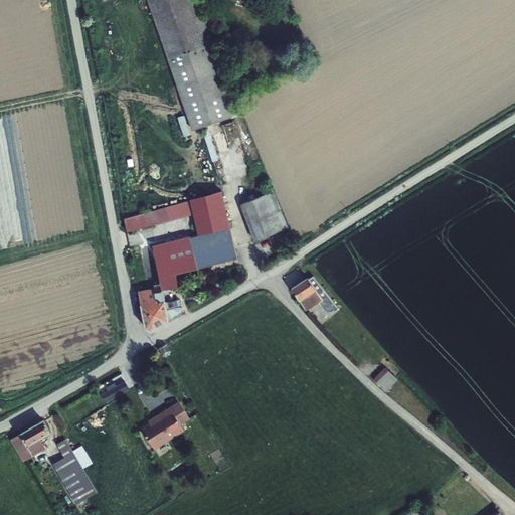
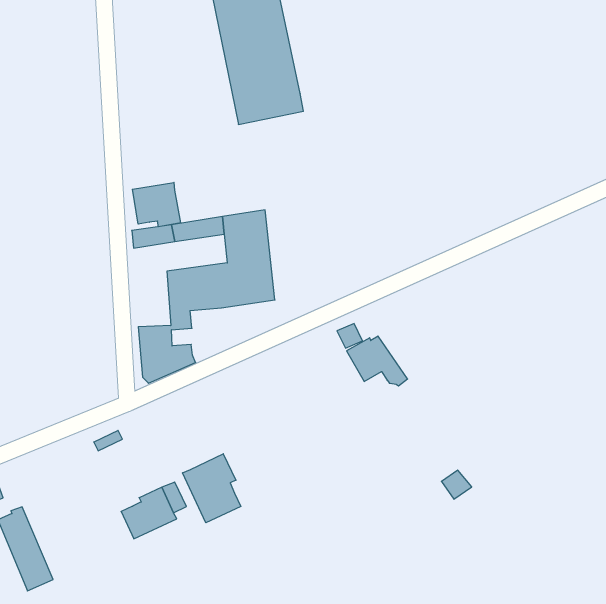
building: none -> [132,182,180,227]
building: [238,192,285,241] -> none
building: none -> [183,454,241,523]

